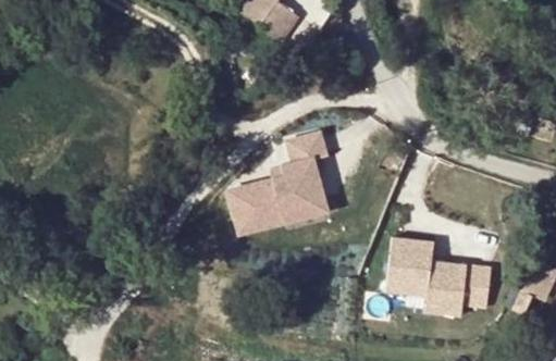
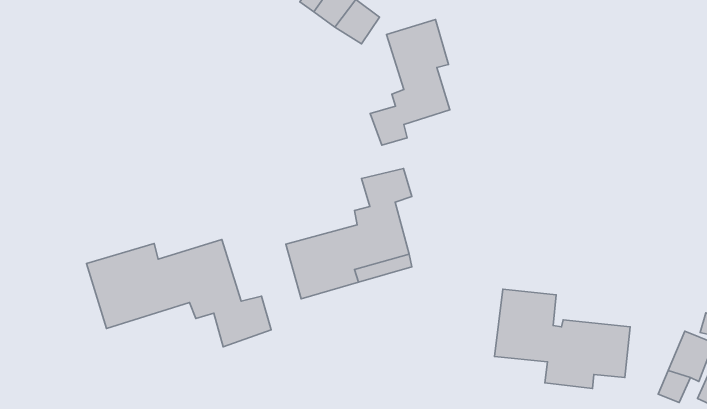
building: none -> [370,20,450,145]
building: none -> [87,240,271,347]

